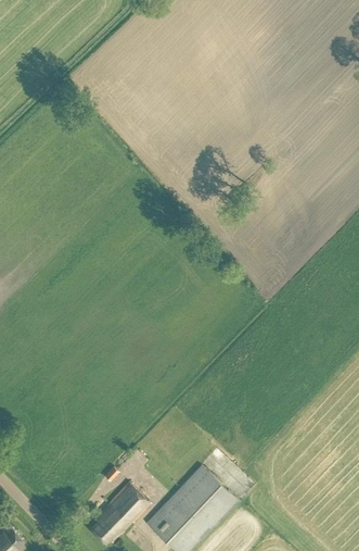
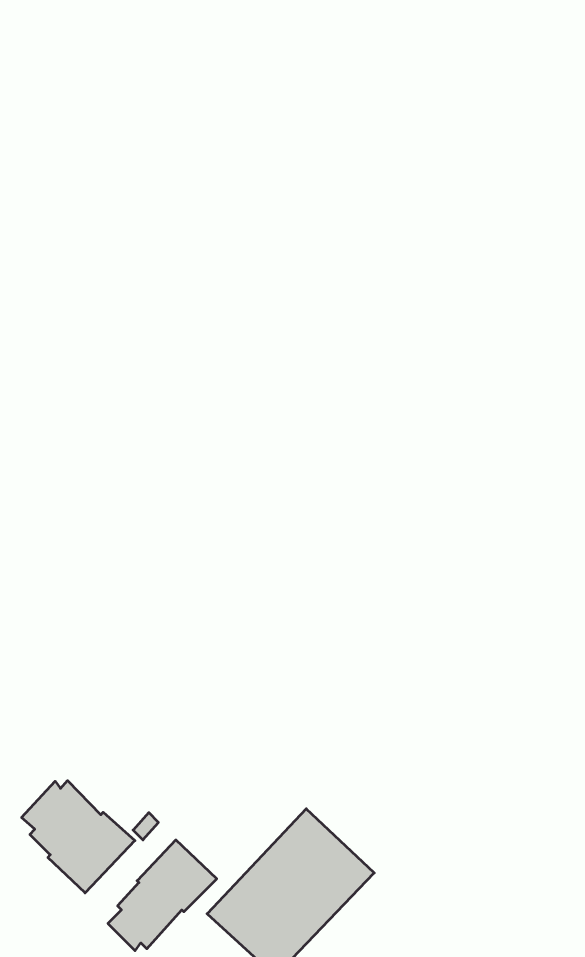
building: none -> [22,781,135,893]

